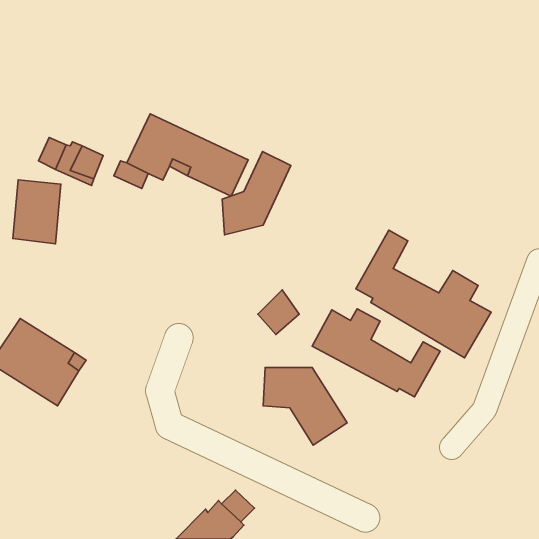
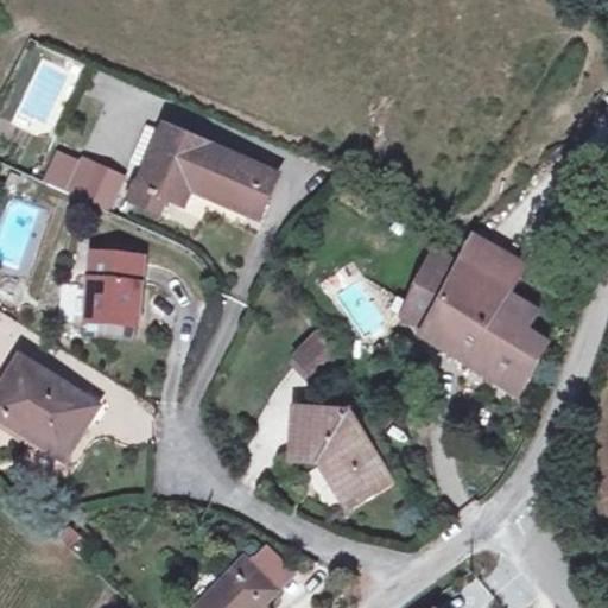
building: [222,152,291,235] -> none
building: [13,180,61,244] -> [89,249,142,321]
building: none -> [438,246,520,327]
building: [312,309,440,397] -> none

